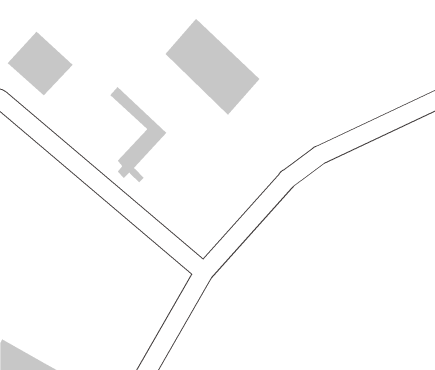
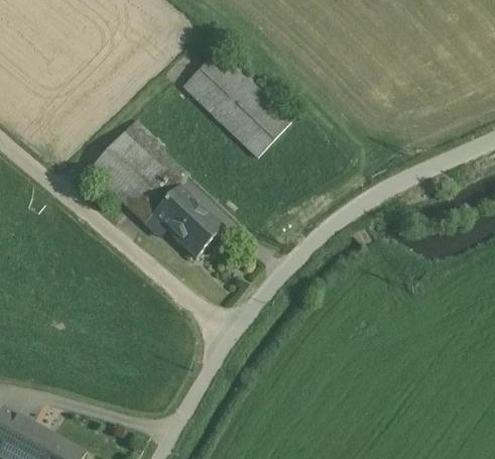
building: [7,31,73,96] -> [90,133,164,207]
building: none -> [151,186,223,256]

